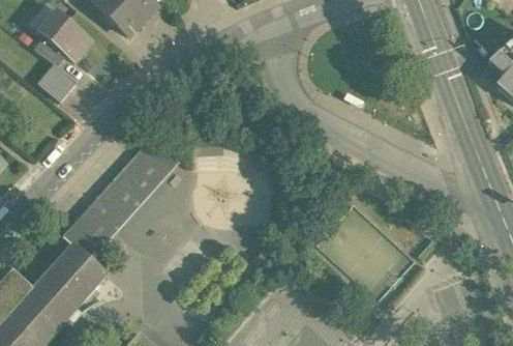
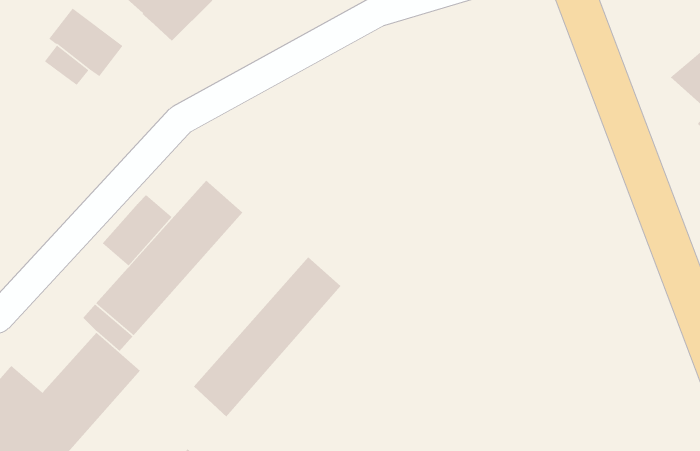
building: [37,65,77,102] -> none
building: none -> [102,194,173,266]
building: none -> [193,256,341,417]

